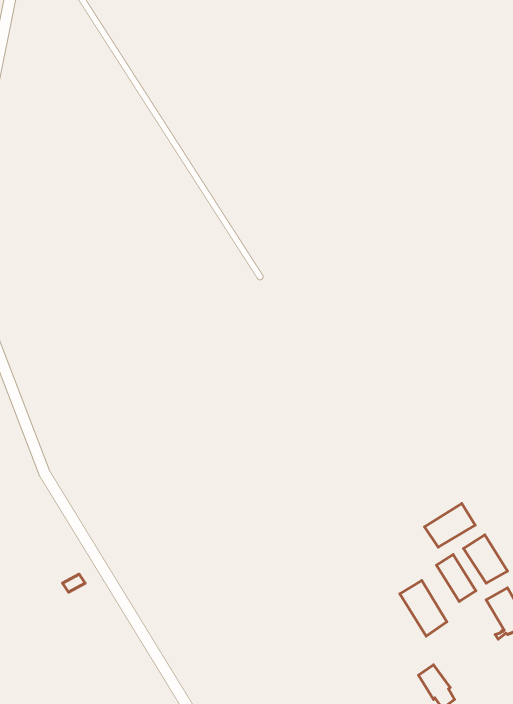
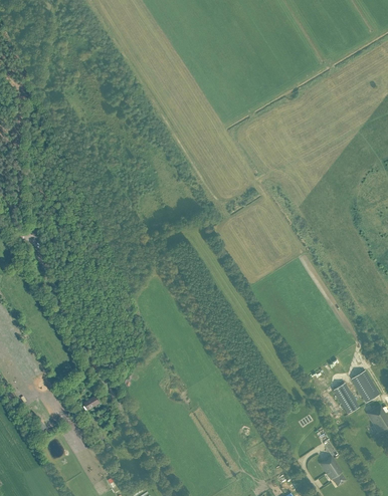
building: [424,503,475,547] -> none
building: [400,580,447,636] -> none

